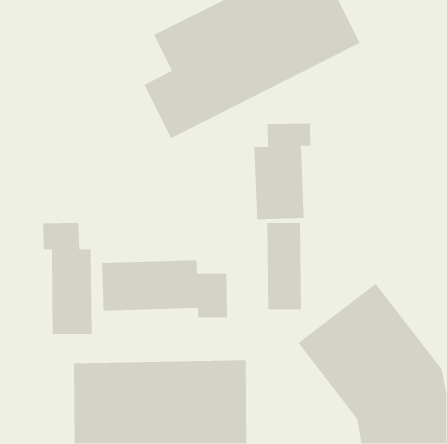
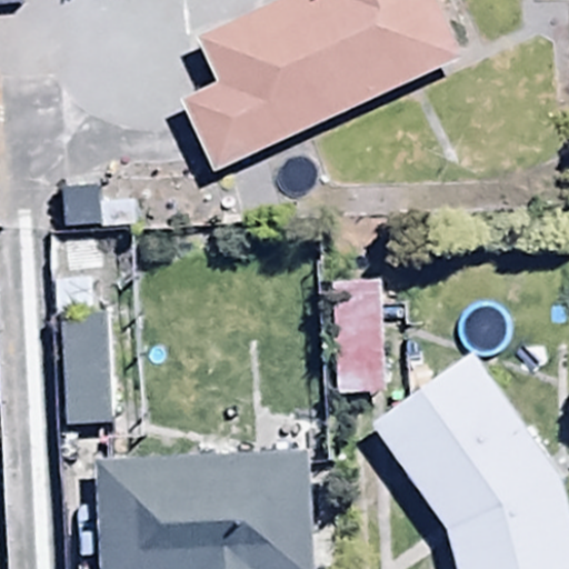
building: [254,123,311,220] -> none
building: [101,259,228,318] -> none

